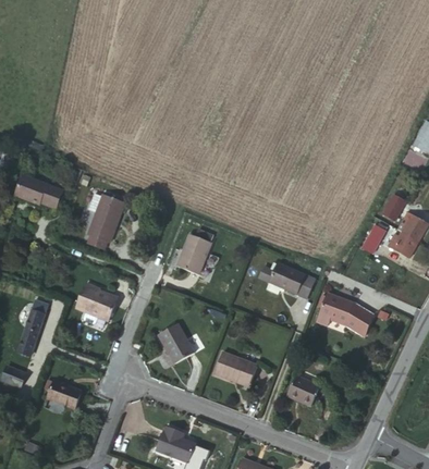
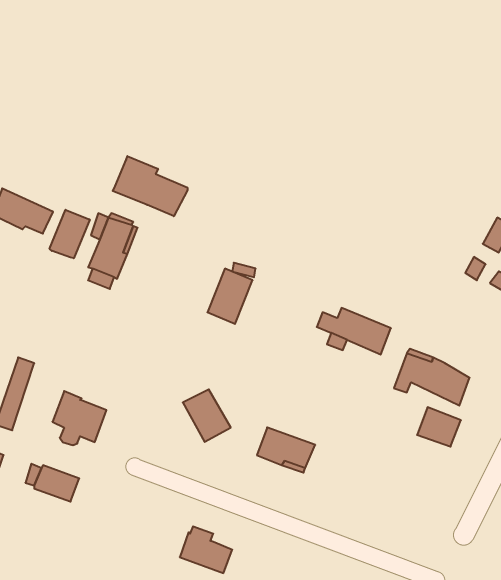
building: none -> [113,156,187,216]
building: none -> [50,210,90,258]
building: [76,284,117,324] -> [52,391,106,445]
building: [286,375,319,405] -> [417,407,461,447]

